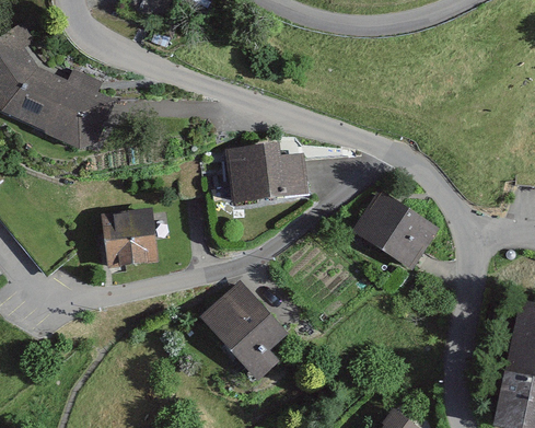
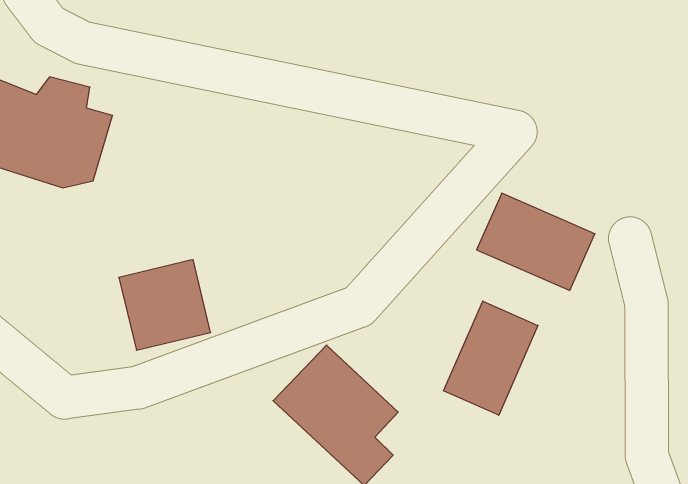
building: [223,140,311,206] -> none
building: none -> [444,301,538,415]

